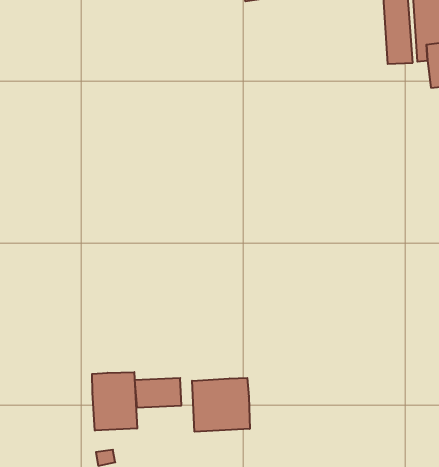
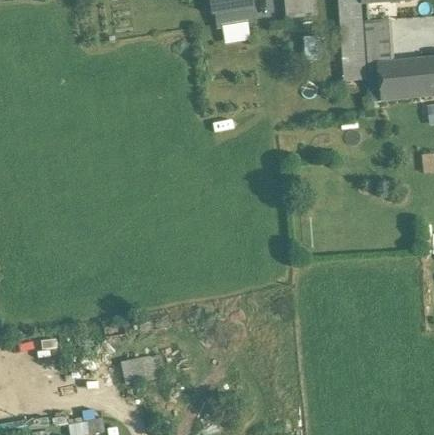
building: [92,372,137,431] -> none
building: [192,378,250,432] -> none

